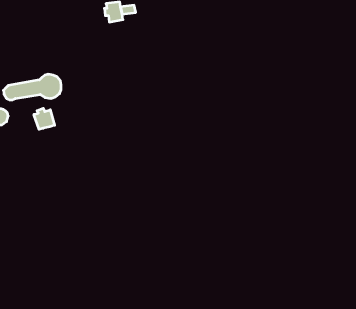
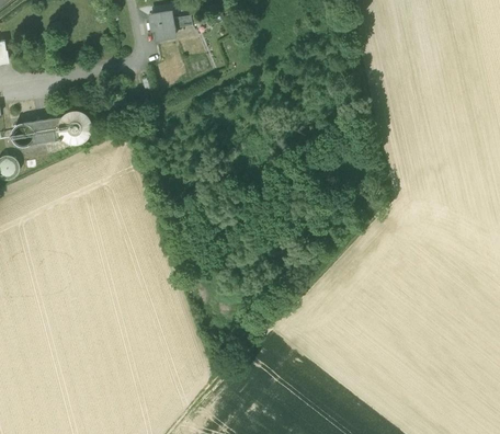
building: [34,108,55,129] -> none

